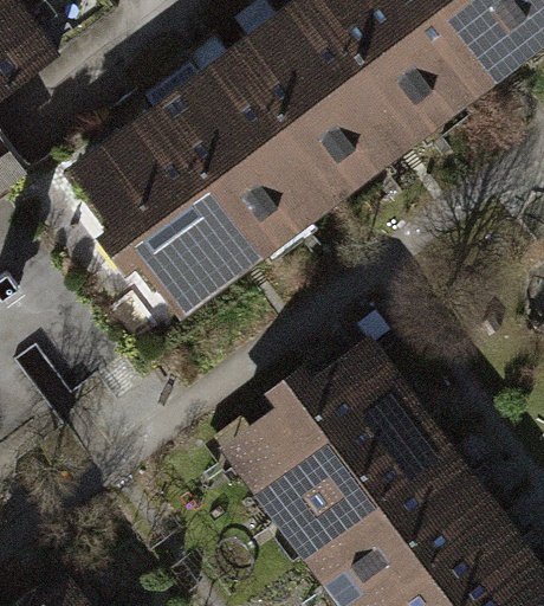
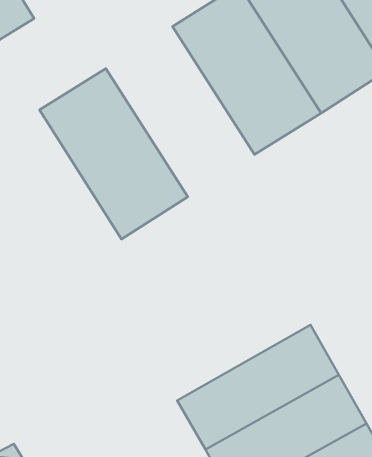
building: [145,54,337,262] -> none
building: [229,348,425,512] -> none

